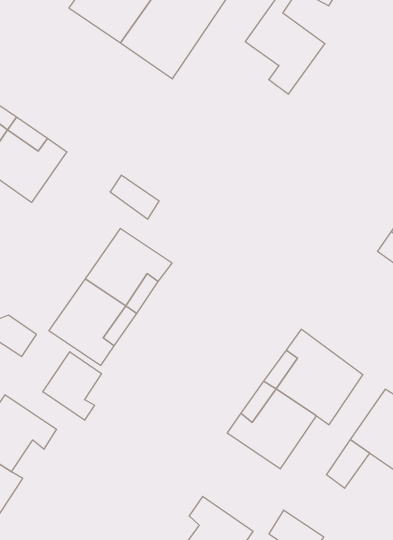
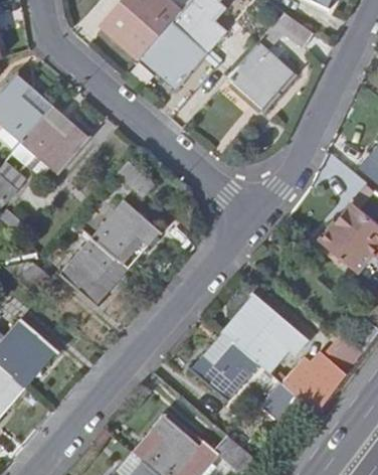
building: [43,352,101,420] -> none

